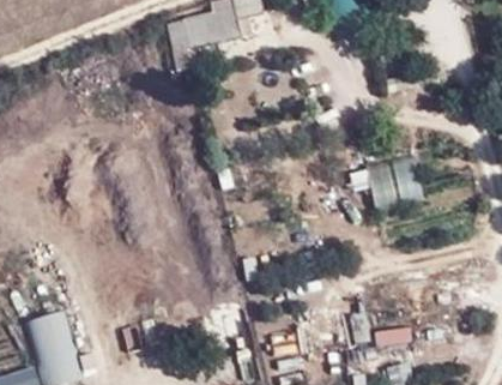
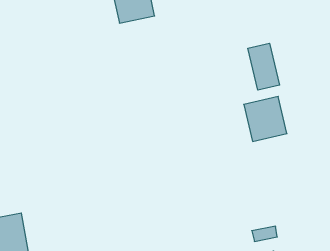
building: none -> [248,43,280,90]

